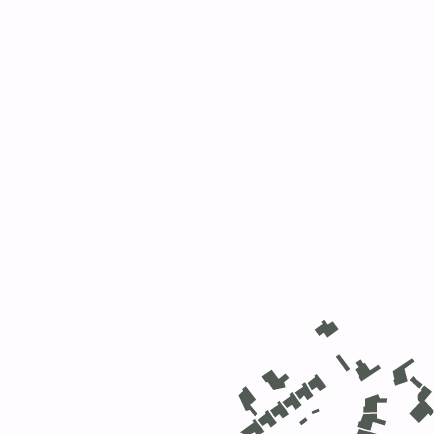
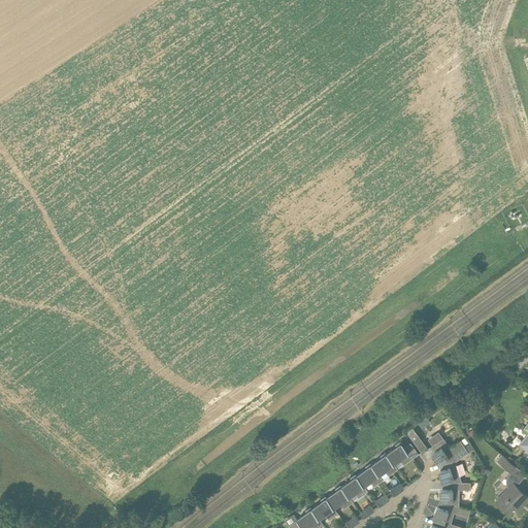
building: [313,318,340,339] -> [386,441,418,466]
building: [391,357,416,387] -> [437,448,467,484]
building: [260,368,291,391] -> none
building: [237,385,259,418] -> none

